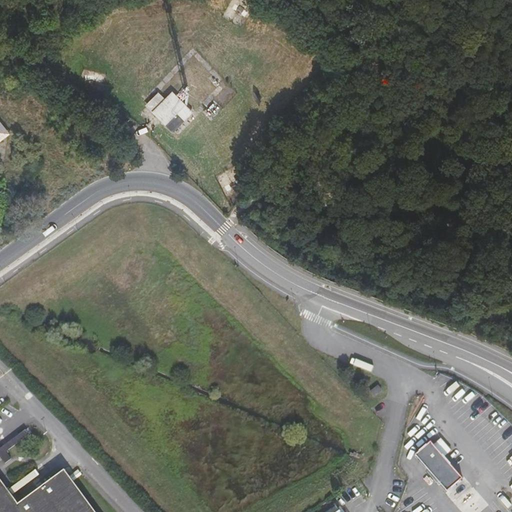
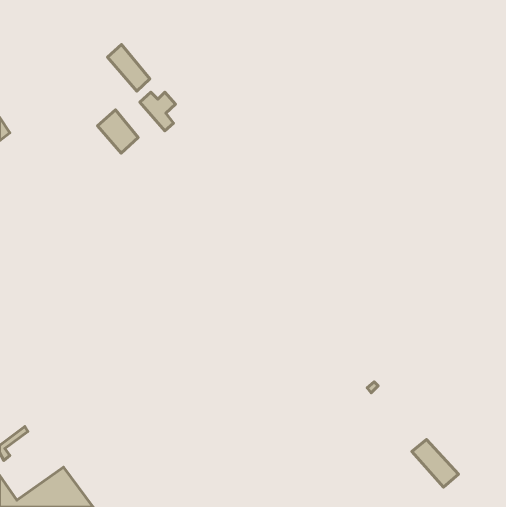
building: none -> [107,45,150,91]
building: none -> [98,110,138,153]

